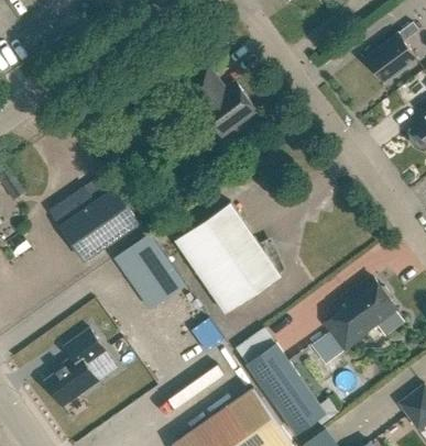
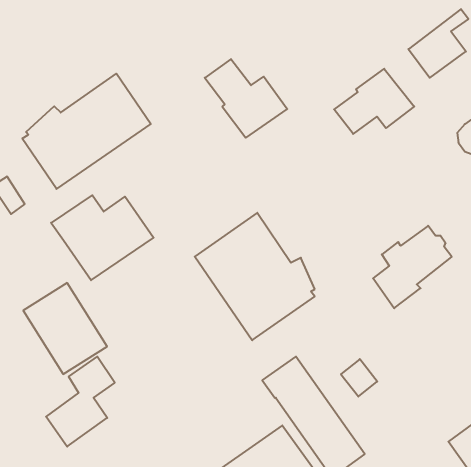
building: none -> [334,69,414,134]
building: none -> [22,74,151,189]
building: [103,230,177,310] -> [23,283,107,374]
building: [326,279,395,352] -> [373,226,452,308]

